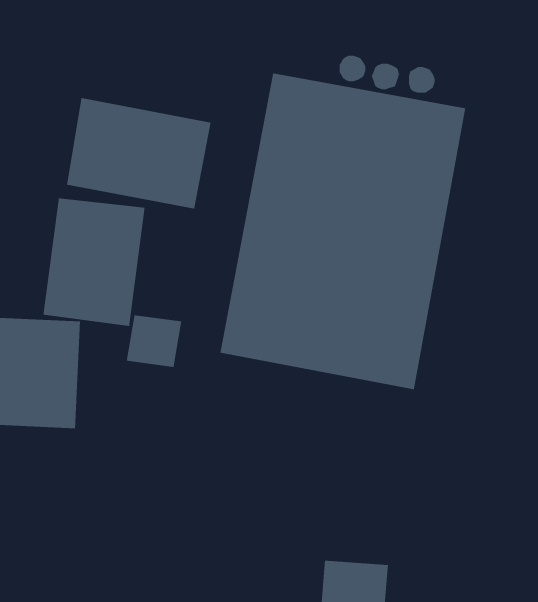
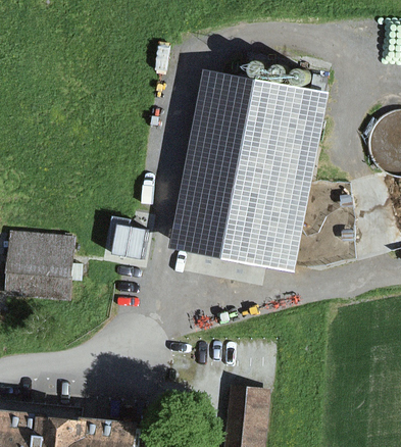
building: [66,97,212,209] -> none
building: [43,197,146,327] -> none

